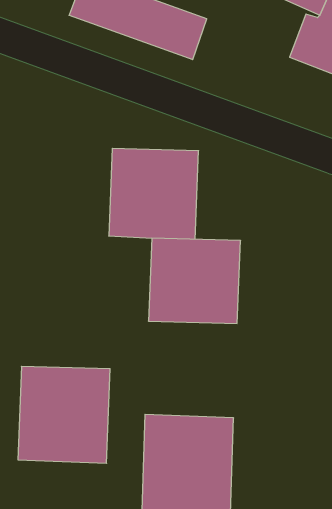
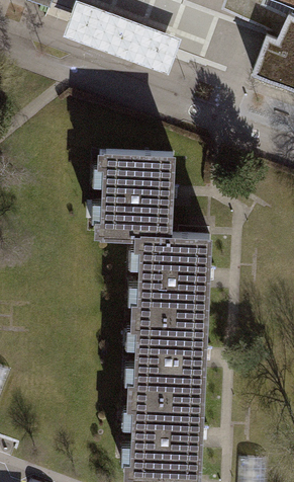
building: [18,366,110,463] -> [128,304,208,388]

